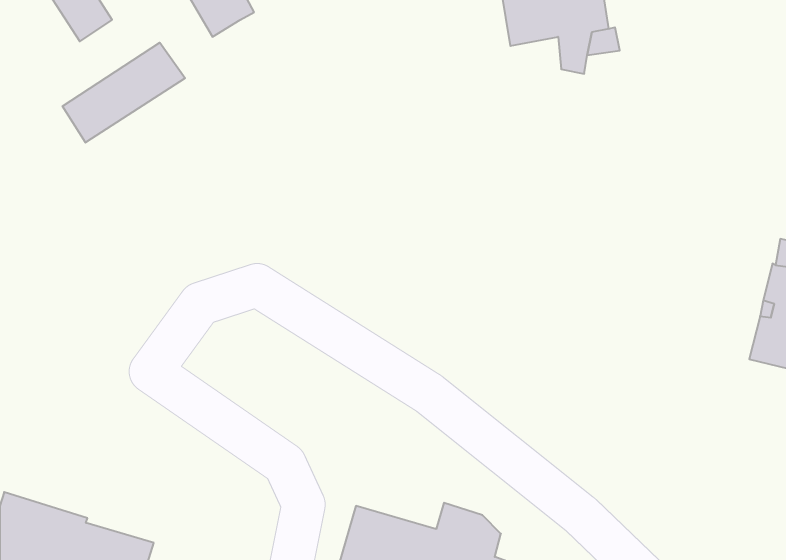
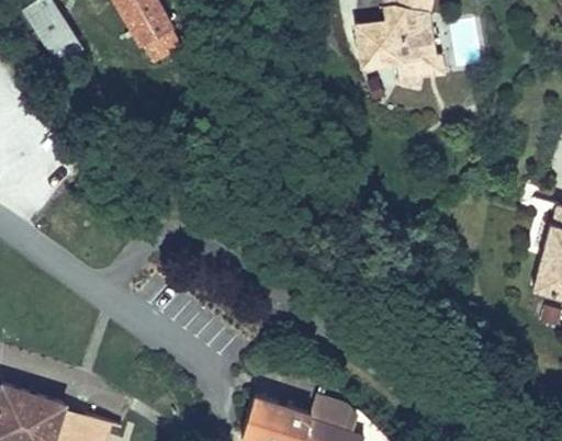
building: [63,43,185,143] -> none

